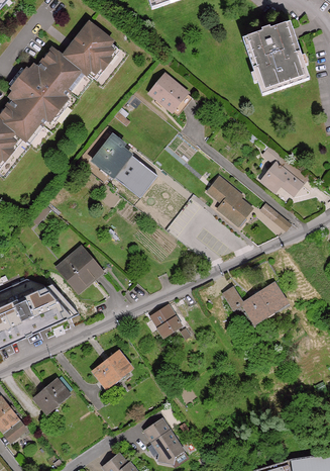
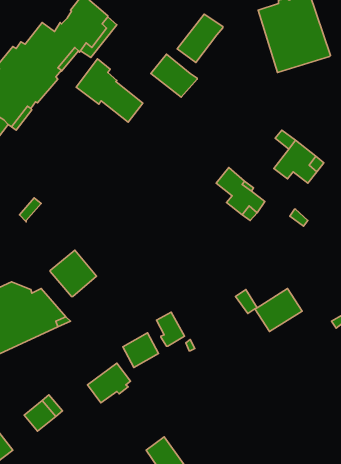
building: none -> [177,14,223,63]
building: [93,135,152,192] -> [76,59,143,122]
building: none -> [123,333,158,367]

